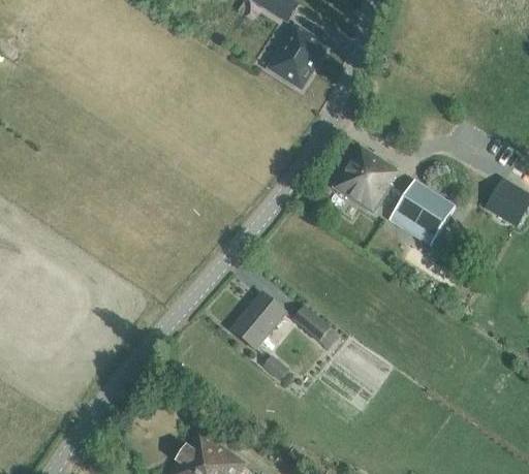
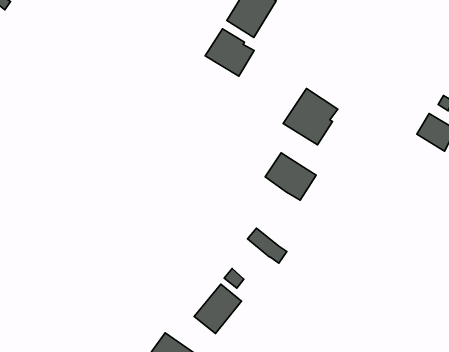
building: none -> [205,29,254,76]
building: [394,184,453,239] -> [265,153,316,200]
building: [228,294,283,351] -> [194,284,242,334]

